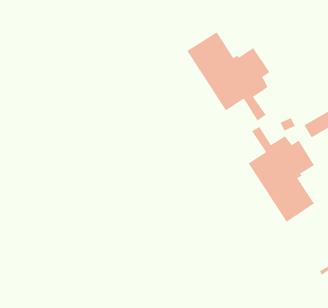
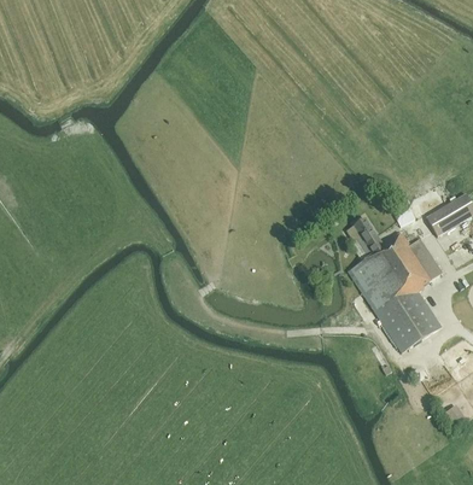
building: [186,31,270,121] -> none

